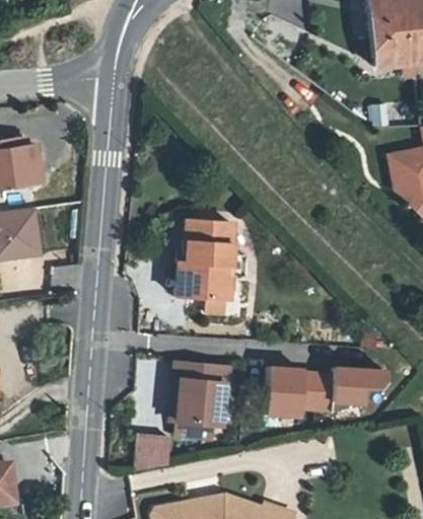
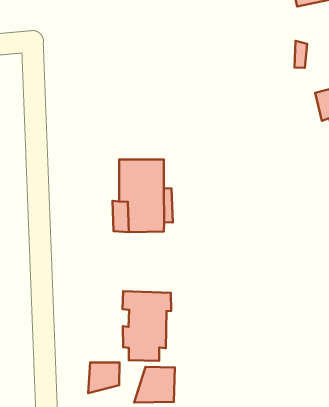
building: [267,364,390,414] -> none
building: none -> [134,367,175,402]

